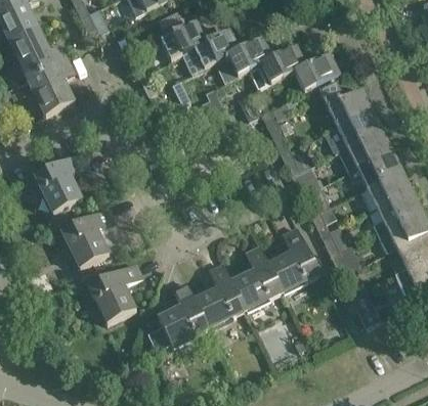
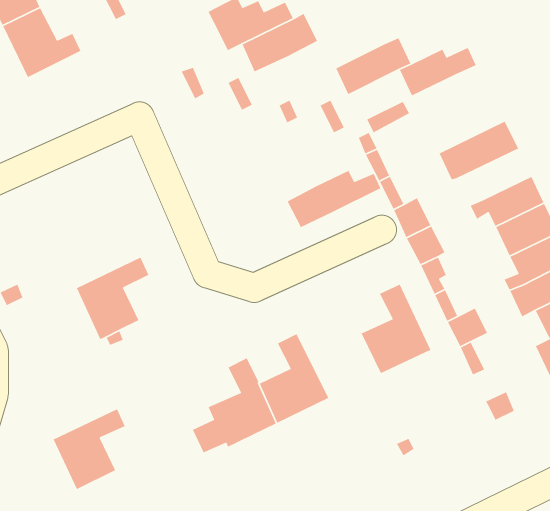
building: [215,40,284,82] -> [286,170,381,228]
building: [27,58,73,114] -> none
building: [317,80,372,126] -> none
building: [337,129,391,170] -> none
building: [34,151,88,212] -> none
building: [230,244,282,309] -> none
building: [88,262,141,321] -> [52,408,126,490]

